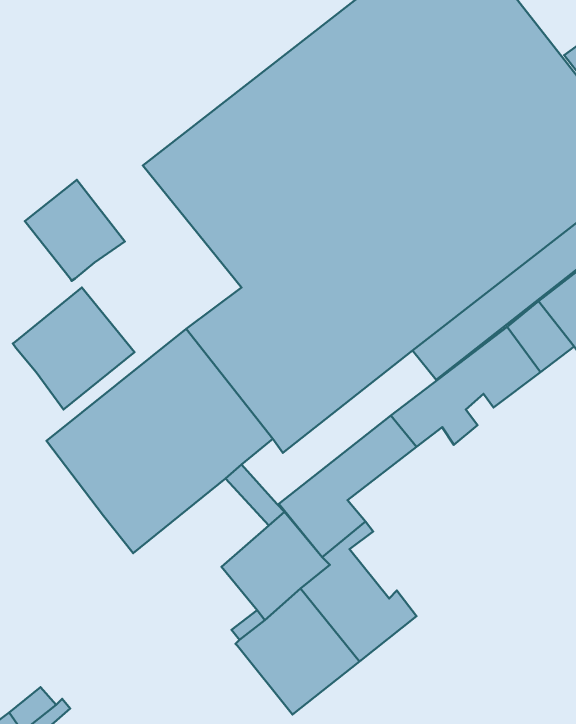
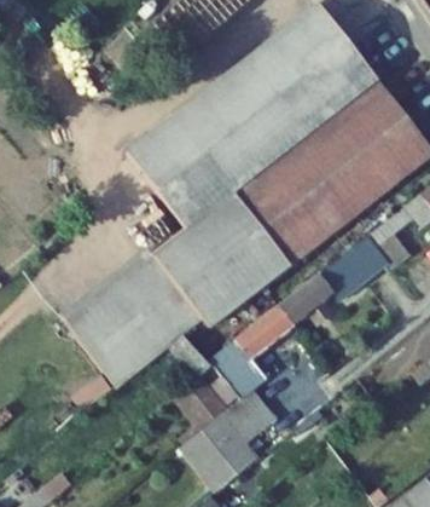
building: [25,180,125,281] -> none
building: [13,288,135,409] -> none

